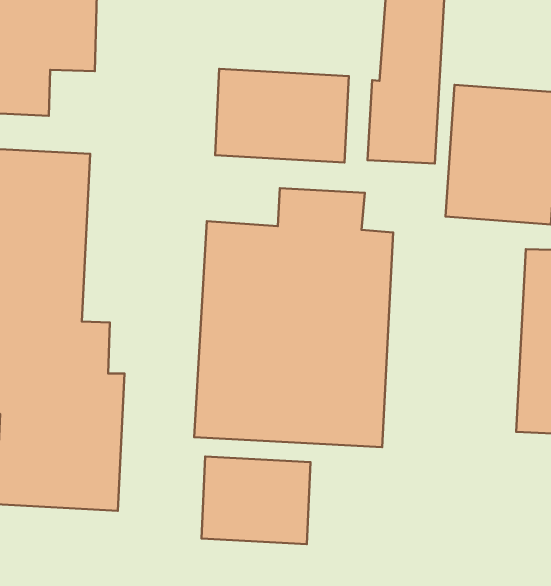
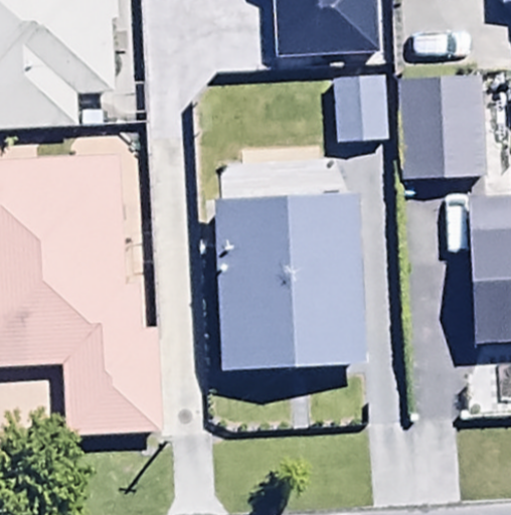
building: [215,69,349,163] -> none
building: [201,457,311,544] -> none

